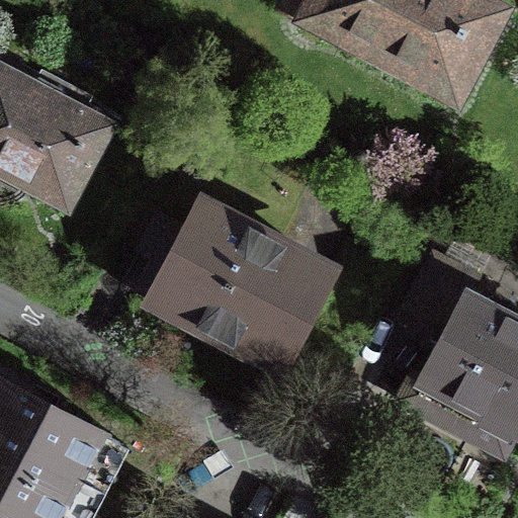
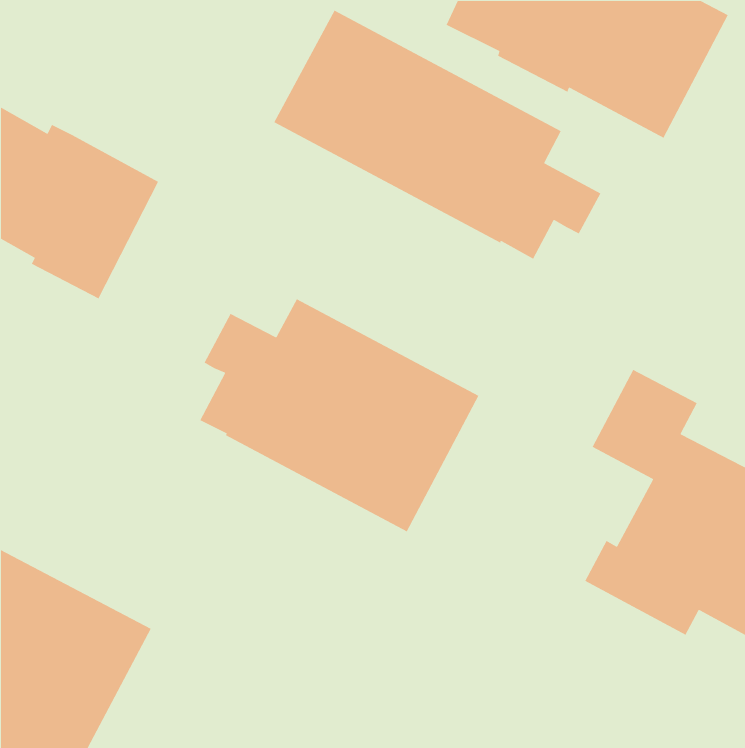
building: none -> [273,10,602,260]

